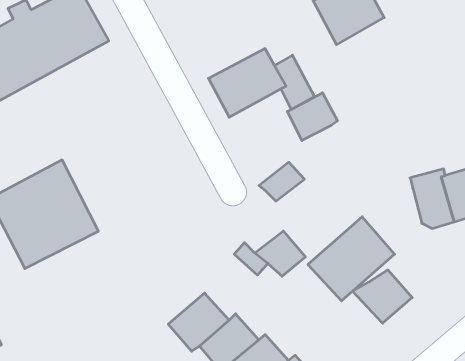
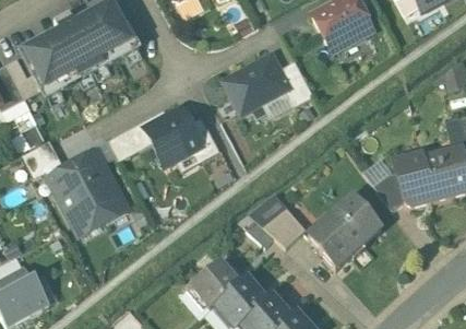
building: [287,93,337,141] -> none
building: none -> [144,109,205,167]
building: [259,162,304,201] -> [249,195,287,227]
building: none -> [373,173,404,211]
building: [353,270,412,323] -> none

